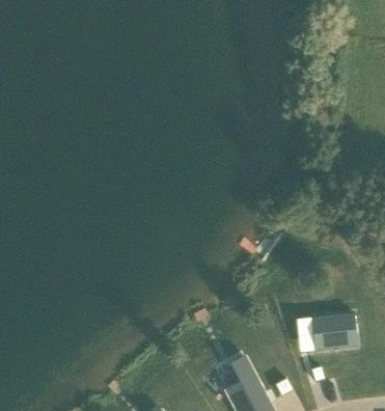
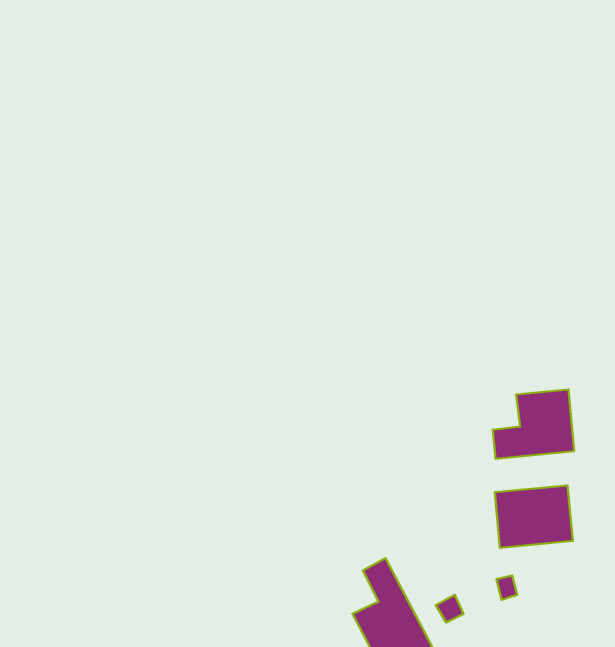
building: none -> [493,389,574,459]

